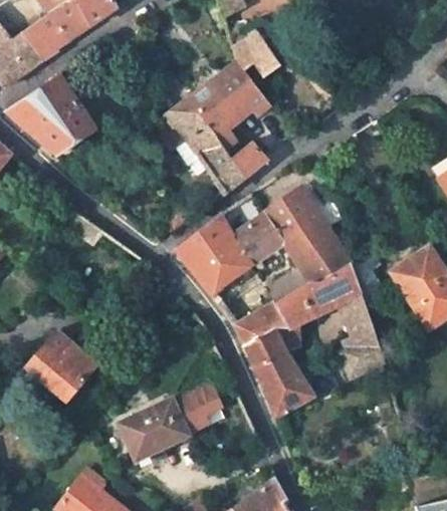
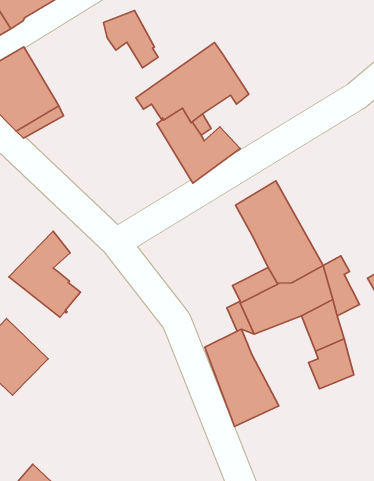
building: [230,33,283,86] -> [103,10,158,68]
building: [177,212,283,292] -> none
building: none -> [9,231,81,317]
building: [235,308,273,346] -> none
building: [120,386,220,461] -> none

